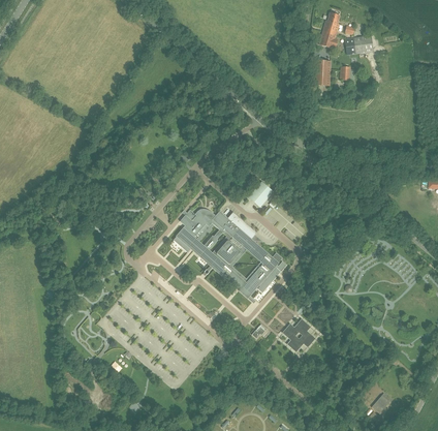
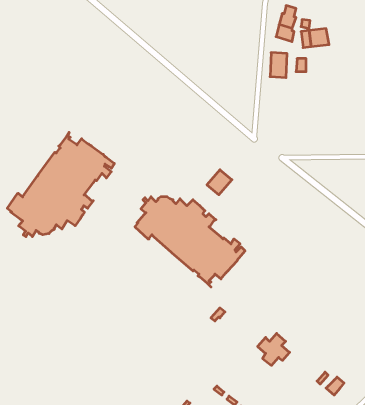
building: none -> [7,132,114,237]
building: [282,318,315,351] -> [258,333,290,365]

